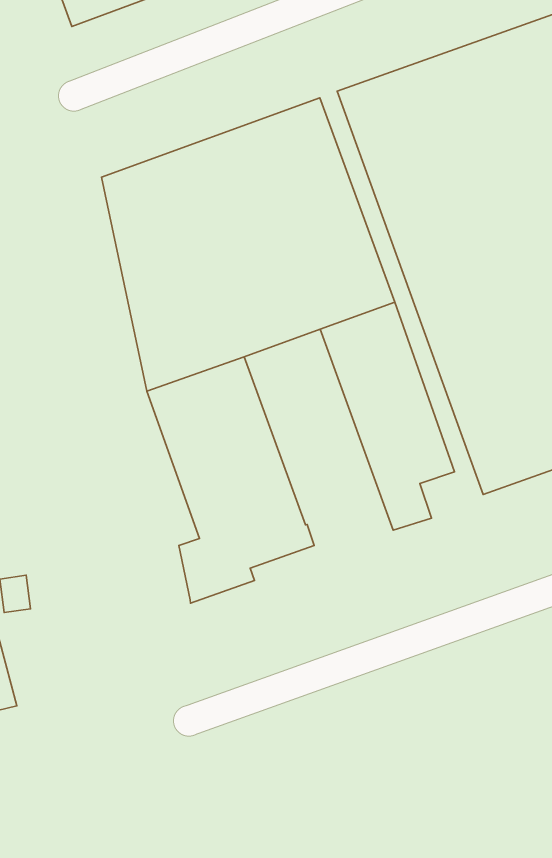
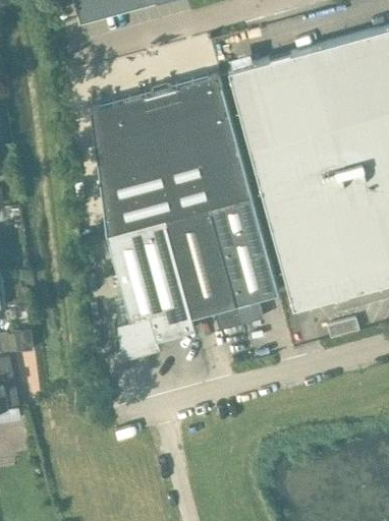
building: none -> [163,208,240,332]

